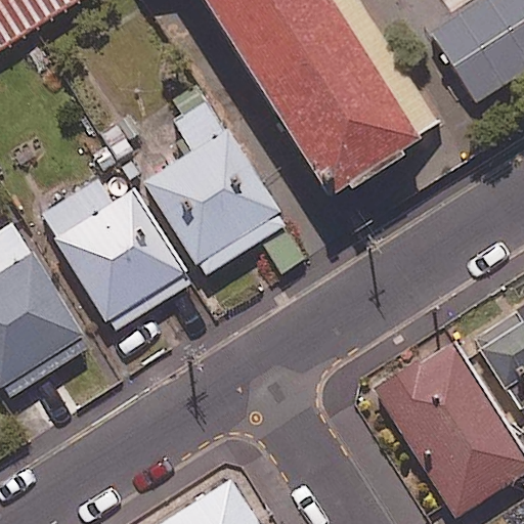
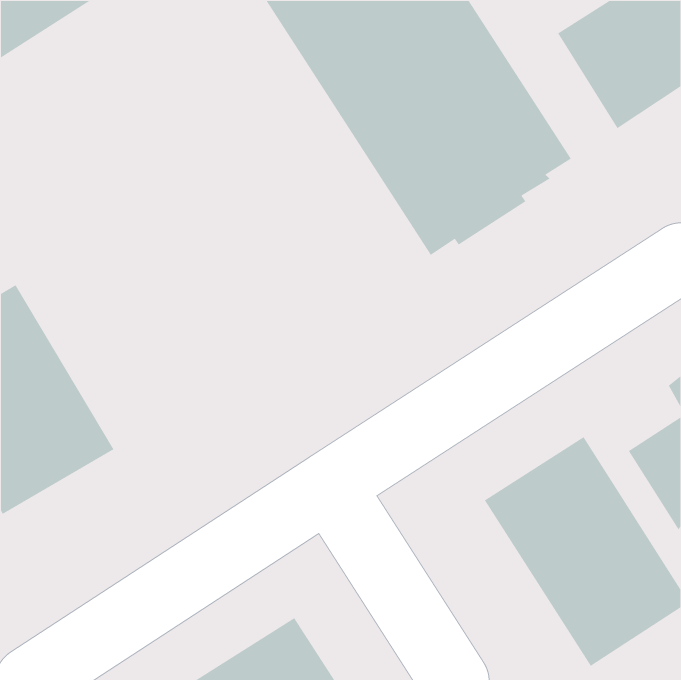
building: [142,98,305,274] -> none
building: [38,179,189,330] -> none

